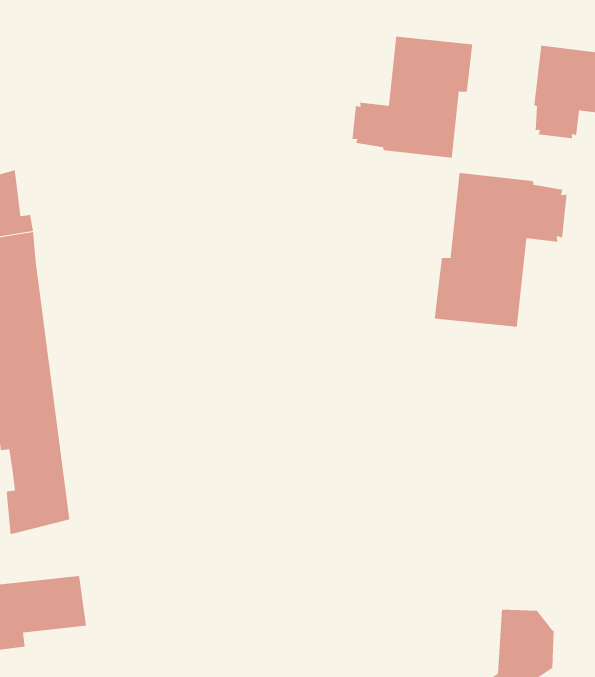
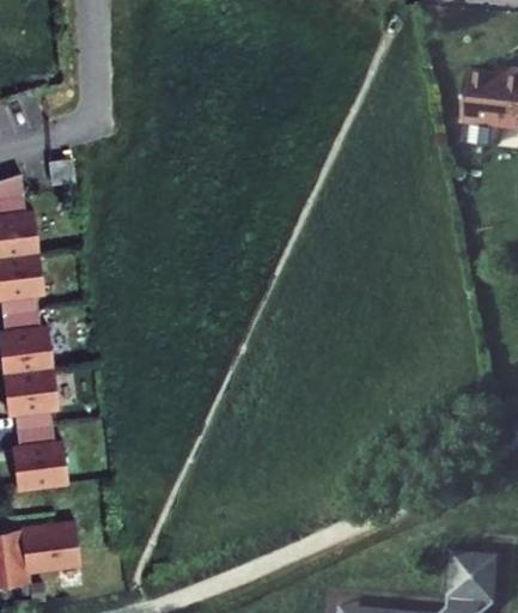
building: [352,36,473,159] -> none
building: [434,172,567,328] -> none

